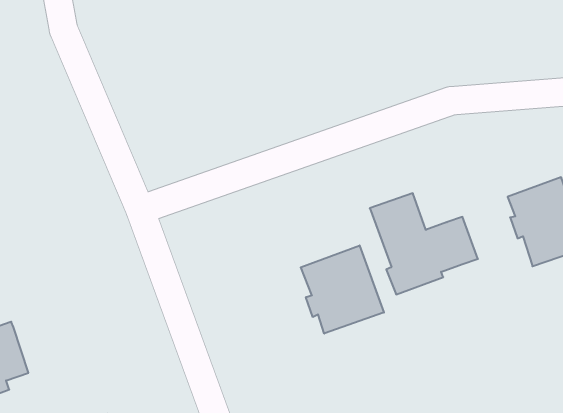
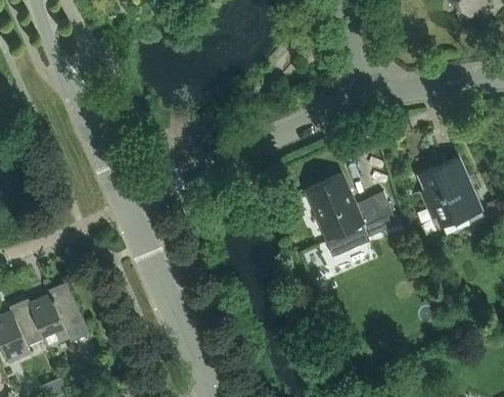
building: [301,245,384,334] -> none
building: none -> [30,282,89,346]

